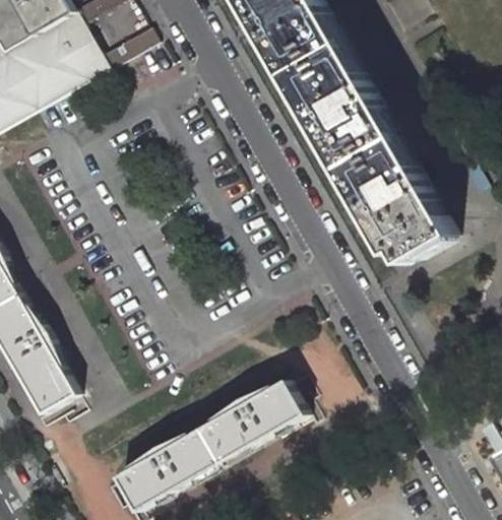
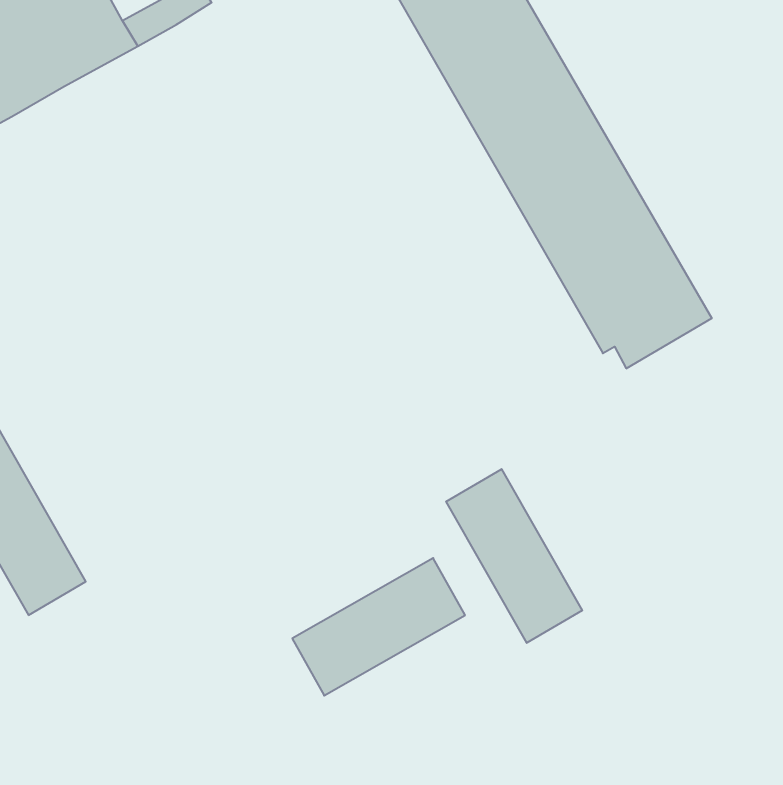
building: none -> [446,469,582,643]
building: [115,429,218,512] -> none

